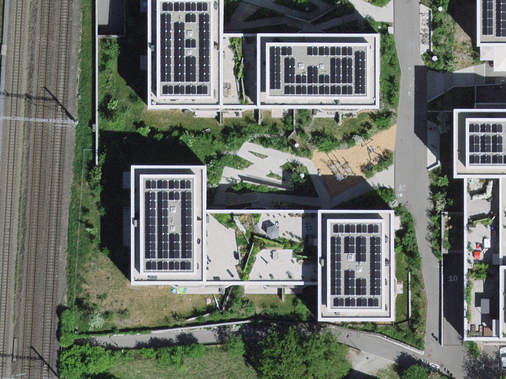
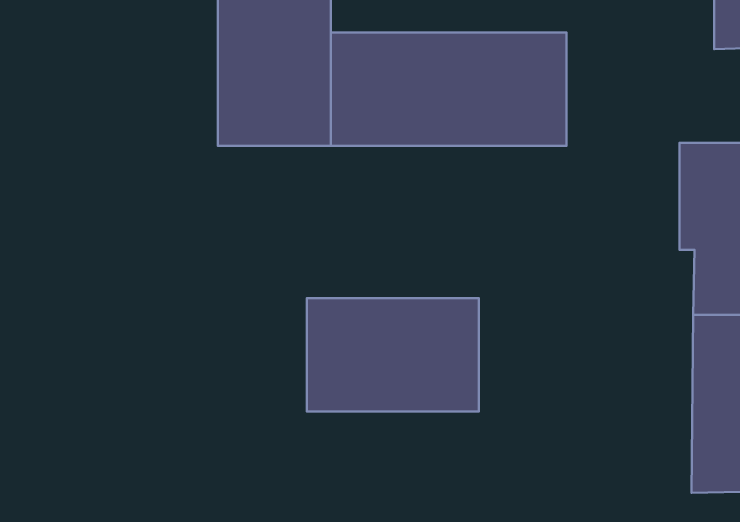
building: [131,165,207,284] -> none
building: [321,209,395,319] -> none

